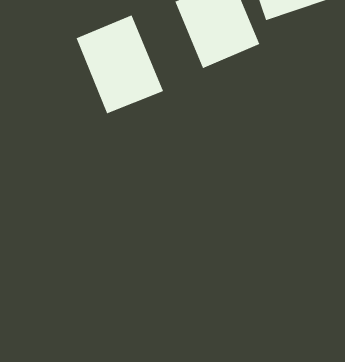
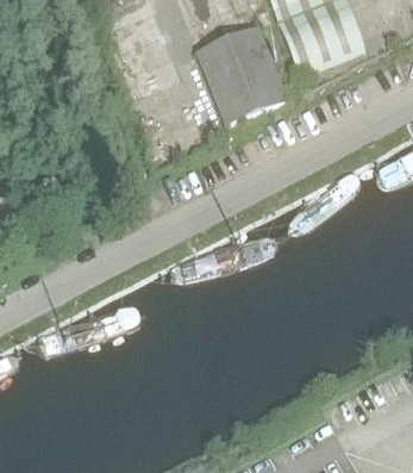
building: [76,14,164,114] -> none

